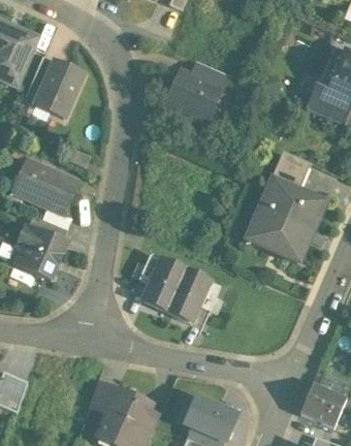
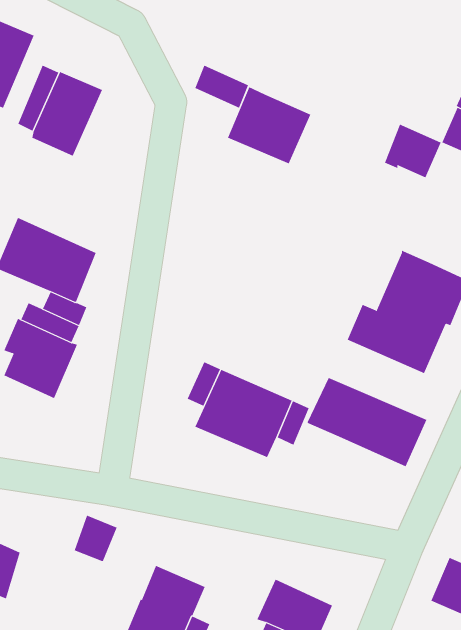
building: [190,61,226,90] -> [195,65,249,108]
building: [270,152,309,188] -> [384,124,442,178]
building: none -> [307,377,427,467]
building: [88,381,117,412] -> [74,515,117,562]

